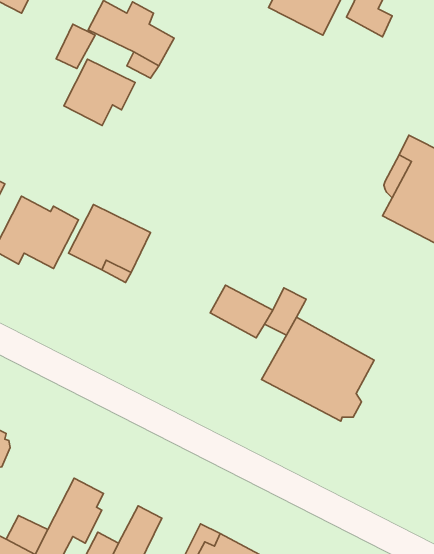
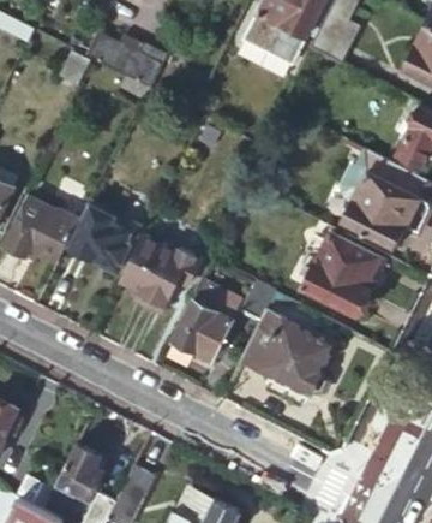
building: [64,59,135,126] -> none
building: none -> [302,232,380,316]
building: none -> [122,236,198,303]
building: none -> [173,302,233,363]

